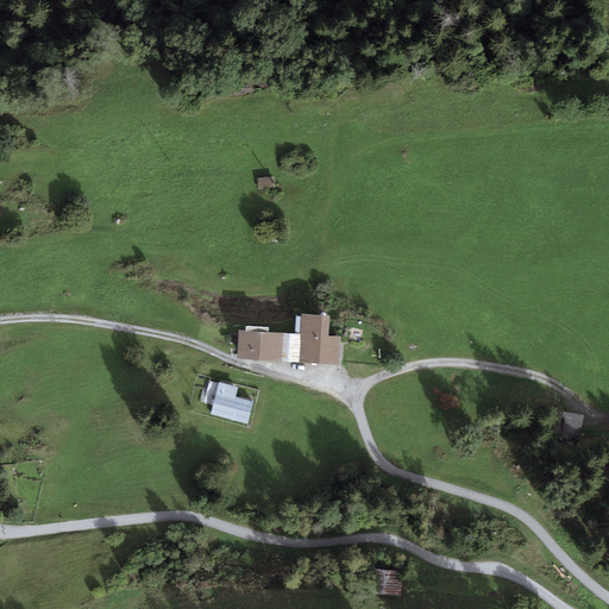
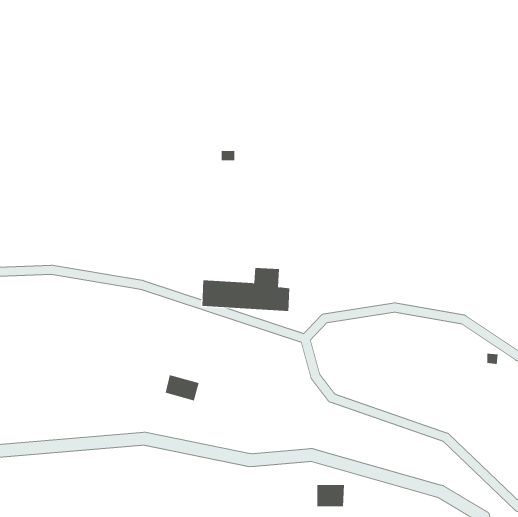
building: [212,390,252,421] -> [165,375,200,401]

